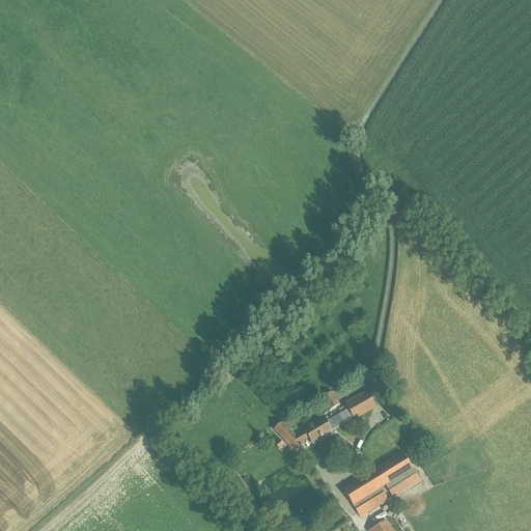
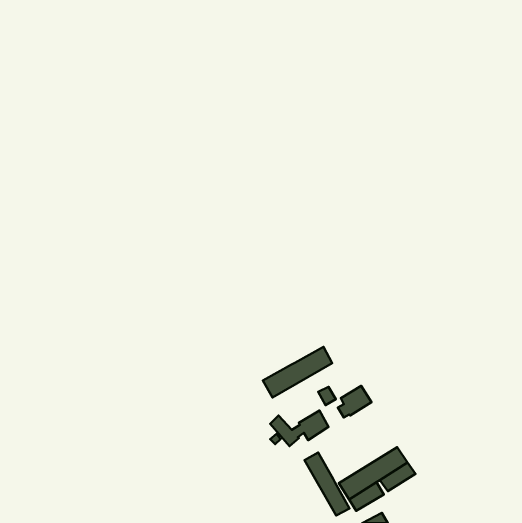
building: none -> [263,347,332,398]
building: none -> [305,452,349,515]

